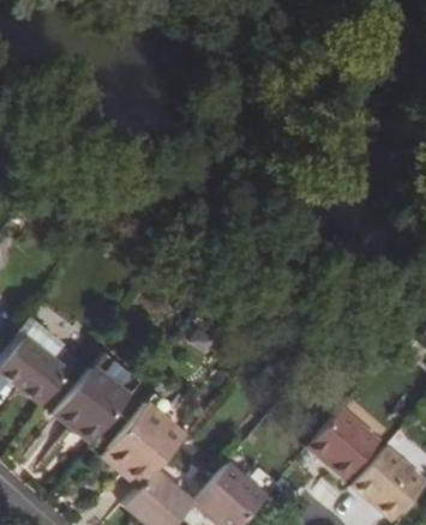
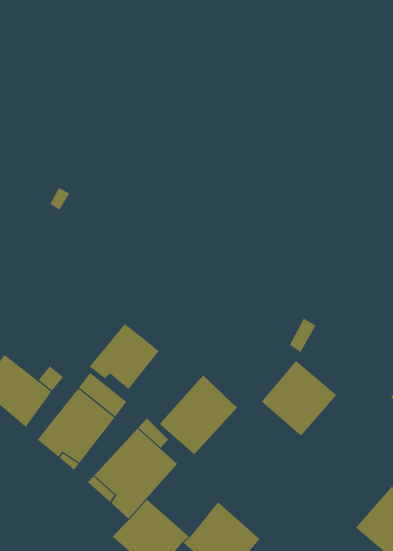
building: none -> [89,323,159,390]
building: none -> [159,375,238,455]
building: [305,416,376,487] -> [261,360,337,437]

